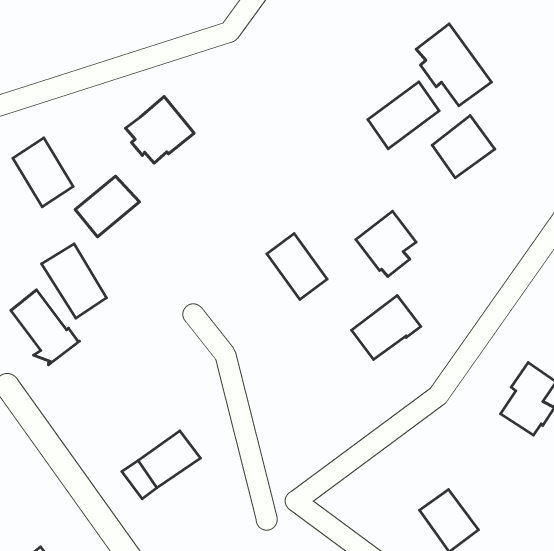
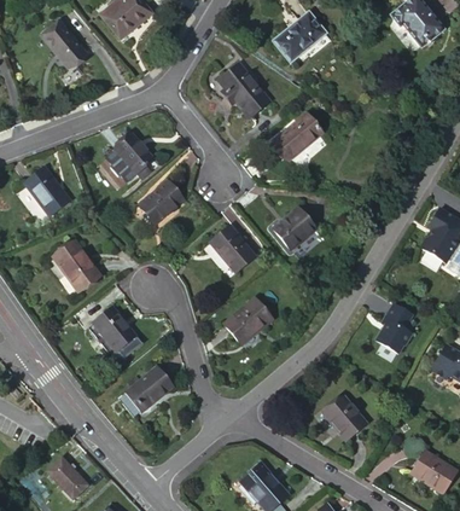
building: [416,24,492,106] -> [211,65,266,122]
building: [432,116,495,178] -> none
building: [75,176,140,237] -> [135,181,180,225]
building: [11,290,80,365] -> [89,308,139,360]
building: [351,295,421,359] -> [220,296,268,342]

